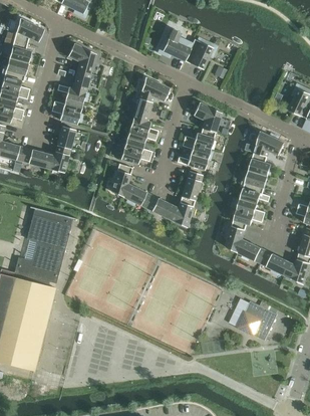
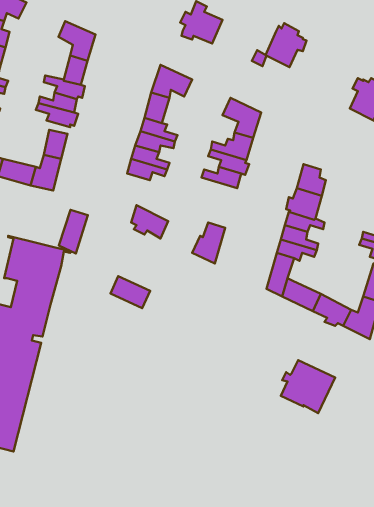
building: [185,36,216,69] -> [266,23,307,67]
building: [254,131,285,156] -> none
building: [110,163,132,196] -> [59,210,88,254]
building: [182,170,203,200] -> none
building: [145,195,176,219] -> [110,276,150,308]

